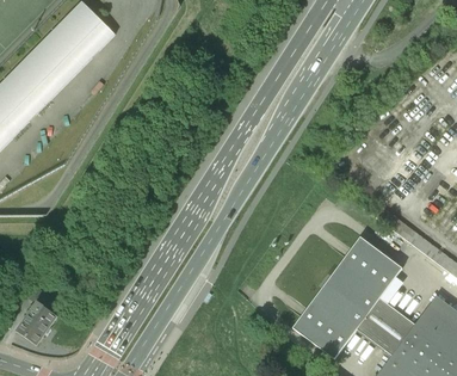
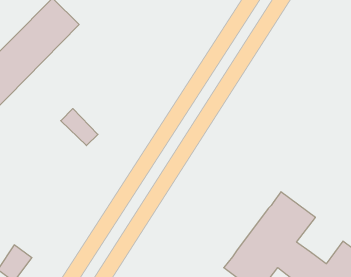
building: none -> [61,109,98,146]

